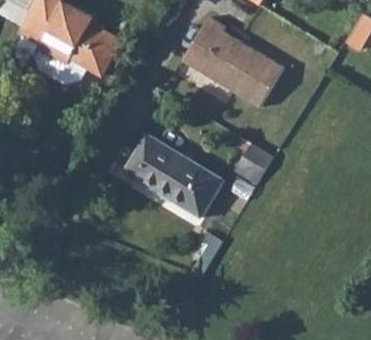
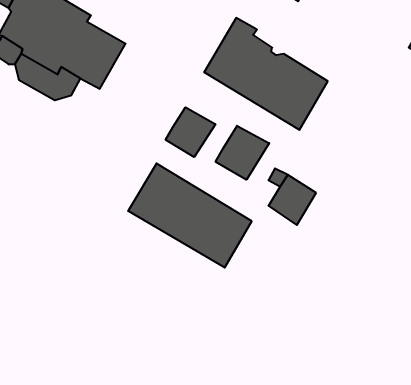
building: none -> [166,107,215,157]
building: none -> [216,126,269,180]

